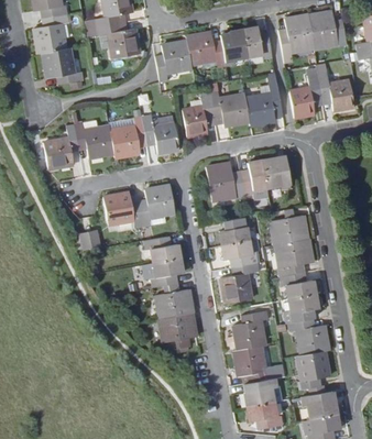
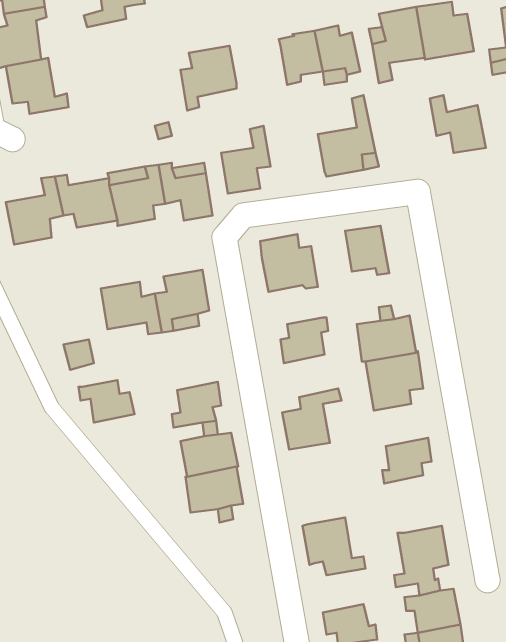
building: [86,22,139,57] -> none
building: [186,31,225,66] -> none
building: [289,74,321,116] -> none
building: [209,89,249,125] -> none
building: [240,160,269,200] -> none
building: [143,235,179,263] -> [79,380,135,423]
building: [222,240,258,267] -> none
building: [280,272,316,299] -> none
building: [233,310,267,350] -> none
building: [287,318,329,355] -> none
building: [245,378,282,407] -> none

